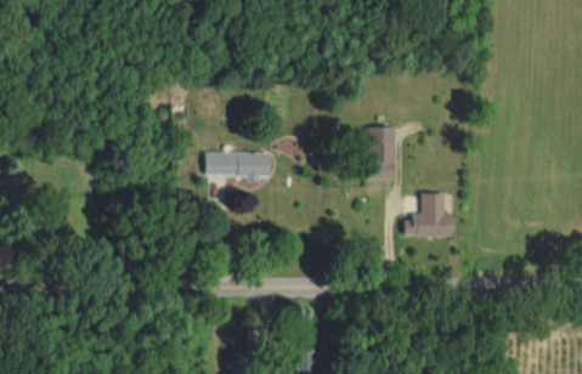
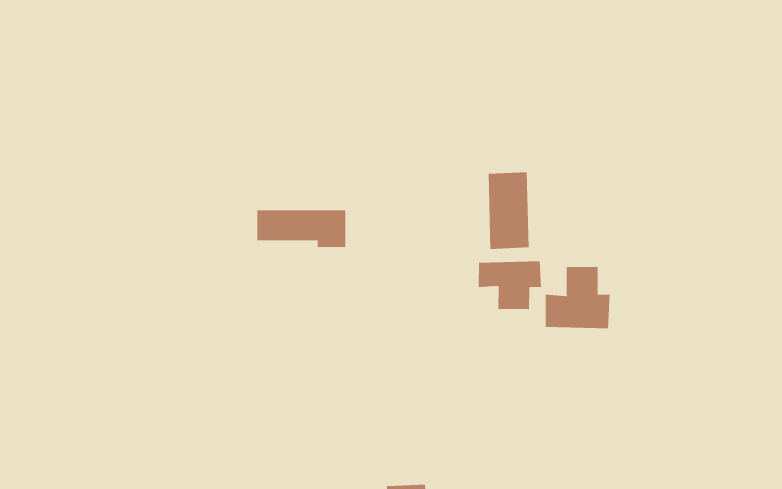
building: none -> [478,261,542,310]

